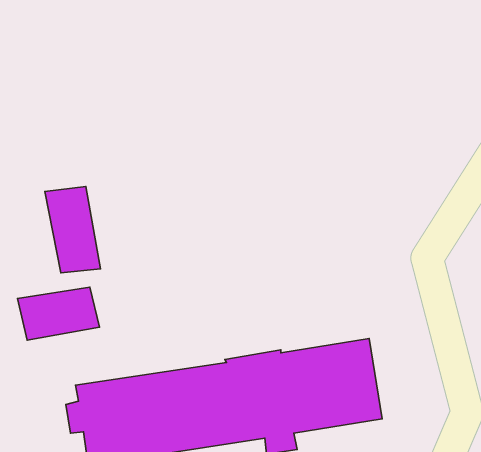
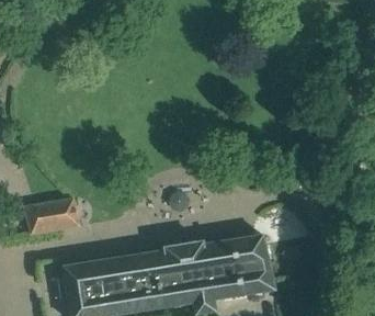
building: [45,187,100,273] -> none

